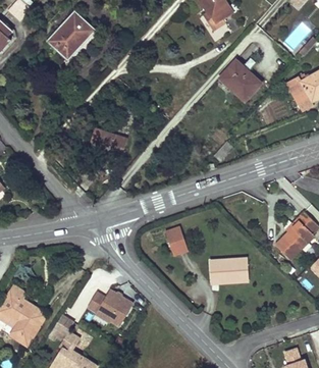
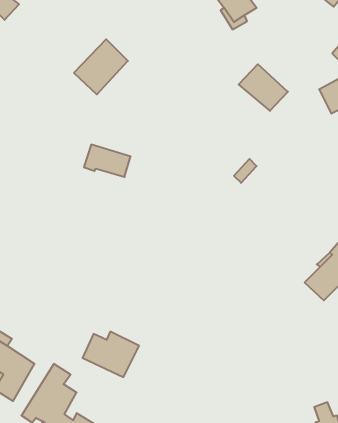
building: [47,11,93,58] -> [74,39,128,94]
building: [165,225,187,254] -> none
building: [208,259,246,279] -> none

